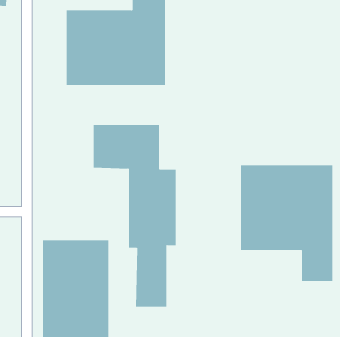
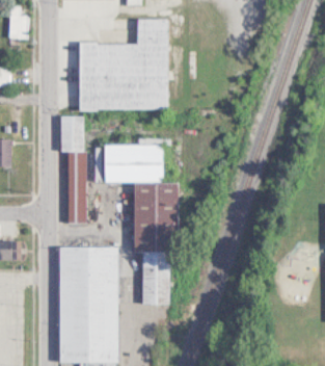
building: none -> [60,115,86,224]
building: [241,164,333,282] -> none

